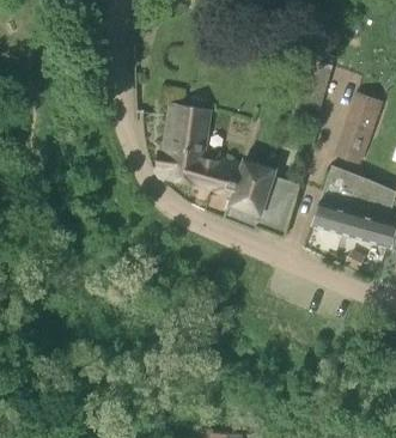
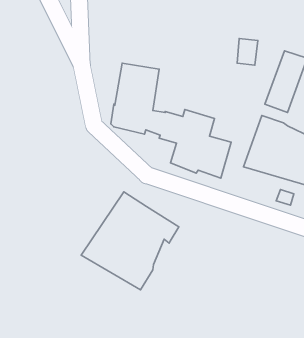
building: none -> [81,192,179,290]

